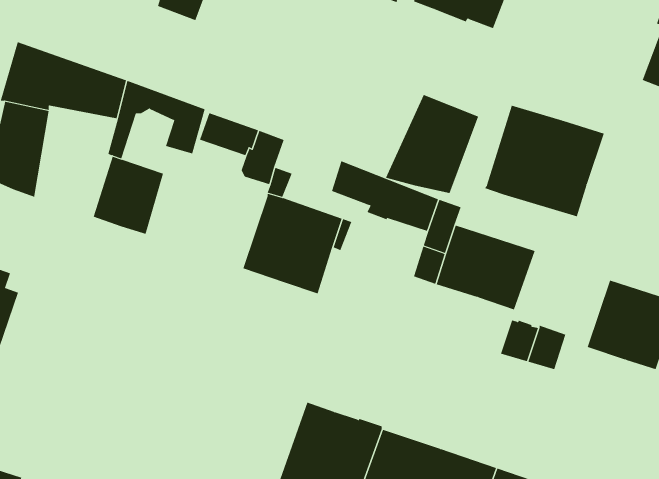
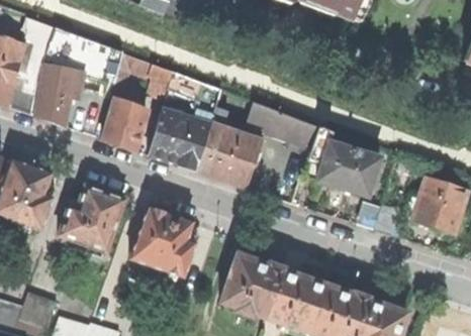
building: [385,94,479,194] -> none
building: [484,105,604,217] -> none
building: none -> [150,111,211,172]
building: none -> [60,187,125,252]
building: none -> [131,209,199,277]

